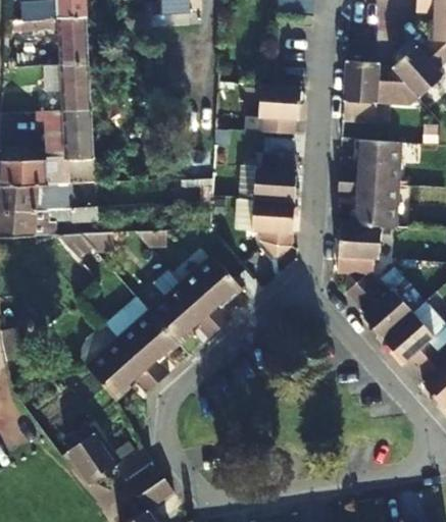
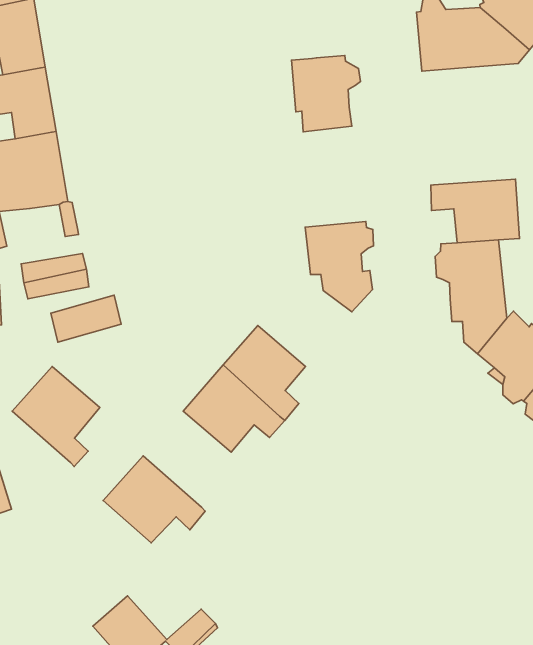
building: [342,140,403,185] -> none
building: [252,152,299,199] -> none
building: [119,310,180,380] -> [12,366,100,467]

